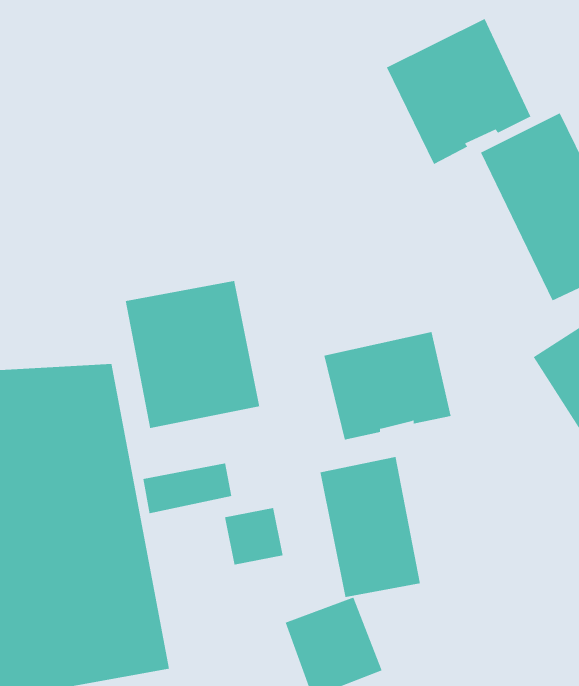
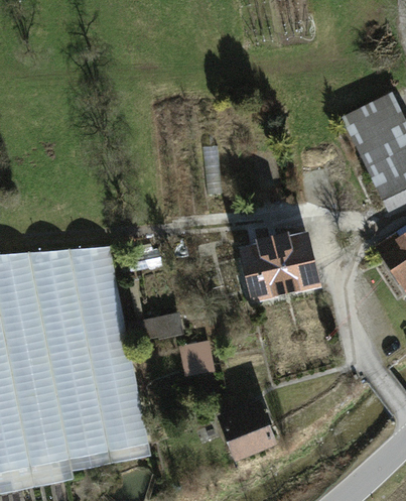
building: [386,18,531,165] -> none
building: [125,280,260,429] -> none
building: [320,456,420,598] -> none

